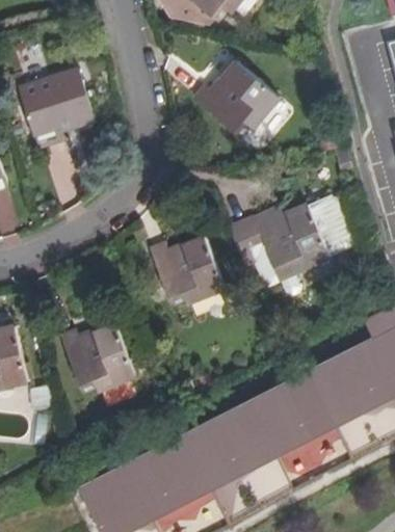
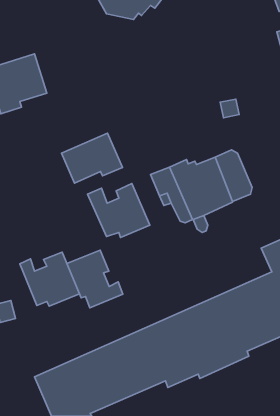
building: [193,60,280,135] -> none
building: none -> [62,133,122,183]
building: none -> [67,250,123,308]

